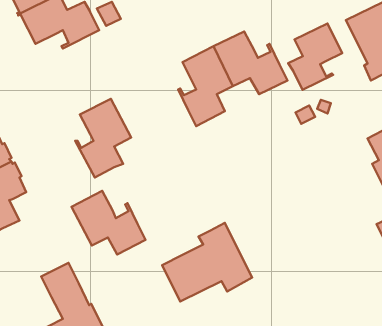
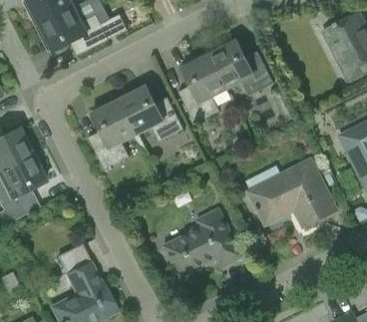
building: [288,23,342,90] -> none
building: none -> [249,159,335,227]
building: [71,191,146,255] -> [118,85,183,141]

